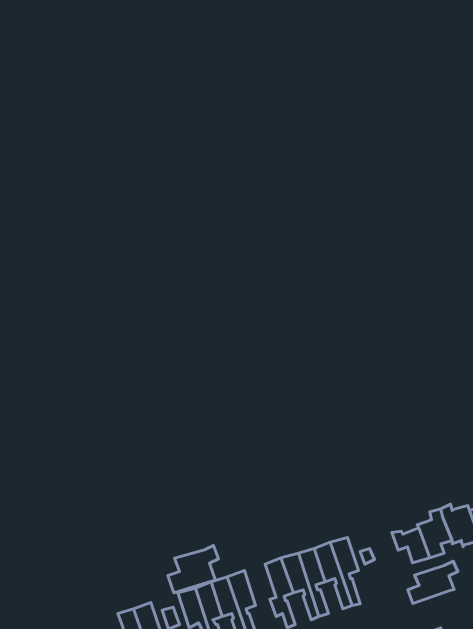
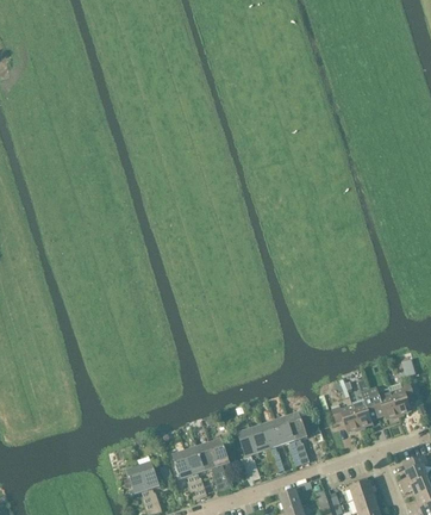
building: [168,546,219,593] -> none
building: [408,561,458,603] -> none

